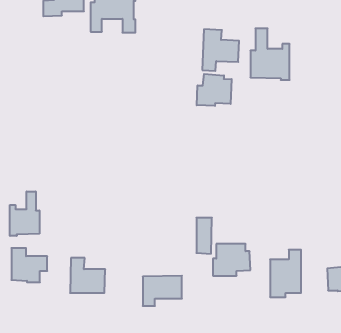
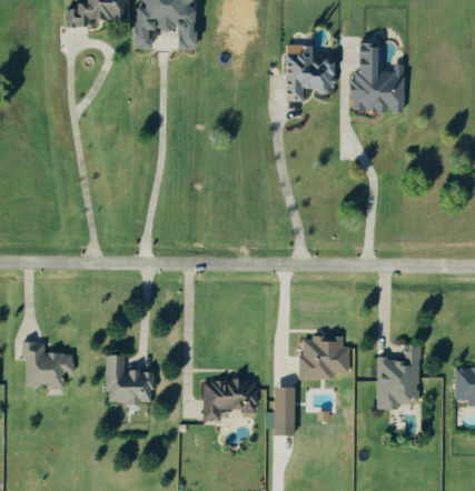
building: [197,74,232,106] -> none
building: [10,191,39,236] -> none
building: [196,218,212,254] -> [273,387,294,435]

